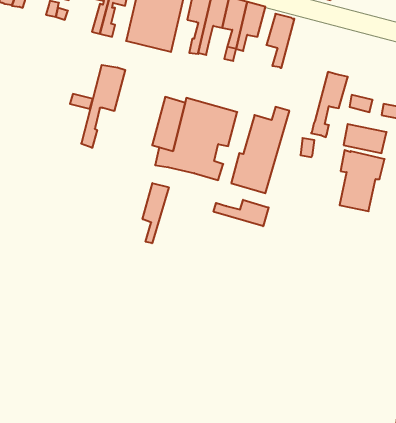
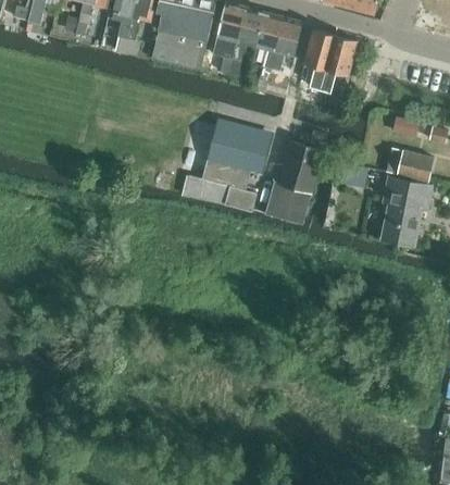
building: [81,65,125,148] -> none
building: [311,72,348,137] -> [315,36,355,107]
building: [143,183,169,243] -> none
building: [214,200,269,226] -> none

